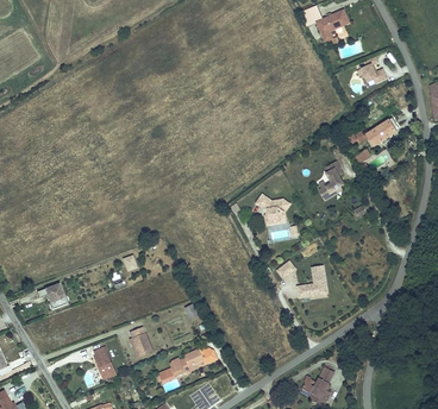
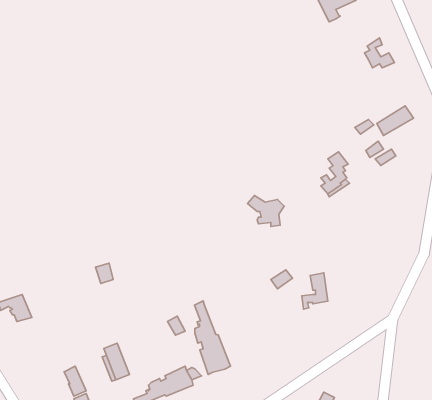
building: none -> [194,301,231,374]

